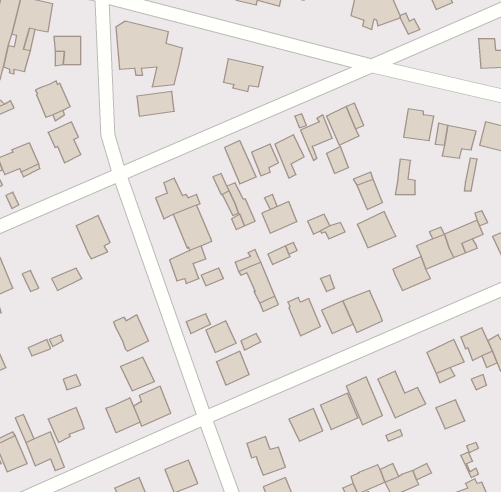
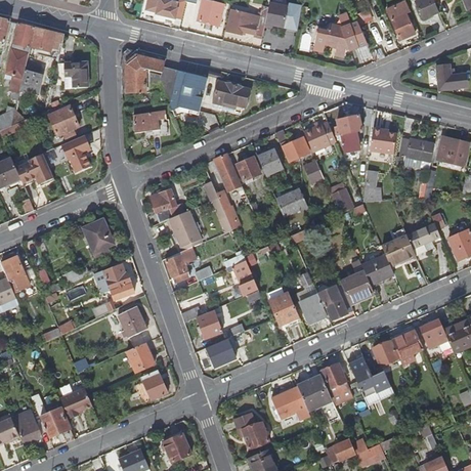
building: none -> [170,73,207,115]
building: none -> [337,115,362,154]
building: [262,202,297,233] -> [276,188,307,216]
building: [357,212,396,248] -> [340,271,374,303]
building: none -> [96,264,134,297]
building: [106,398,140,433] -> none
building: [436,400,465,429] -> [372,339,397,365]

